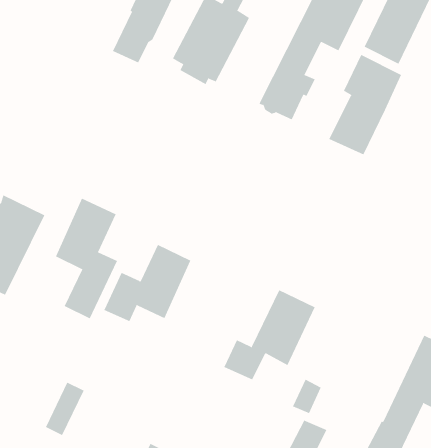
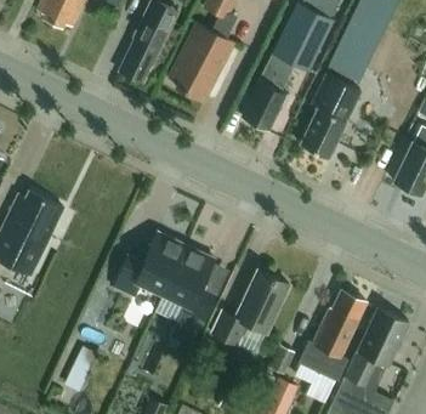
building: [55,198,118,319] -> [164,245,216,346]
building: none -> [297,289,367,381]

